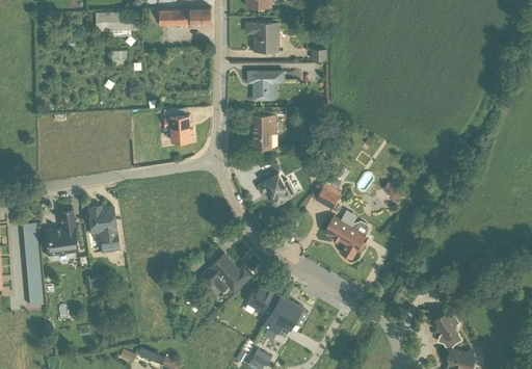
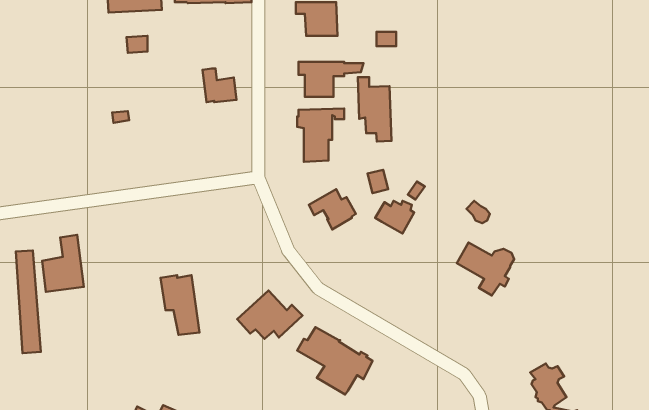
building: none -> [358,77,392,142]
building: [162,113,189,140] -> [203,68,236,102]
building: [87,206,118,254] -> [160,275,199,335]
building: [323,216,369,259] -> [457,242,514,296]

